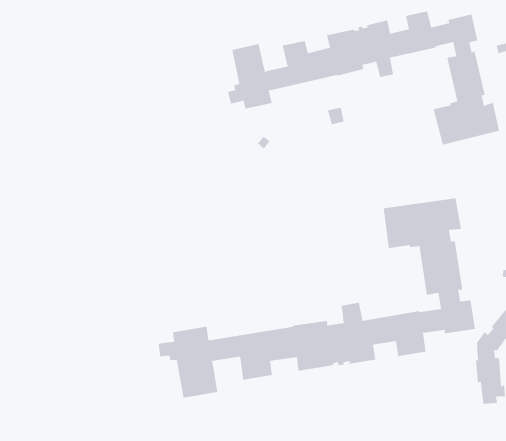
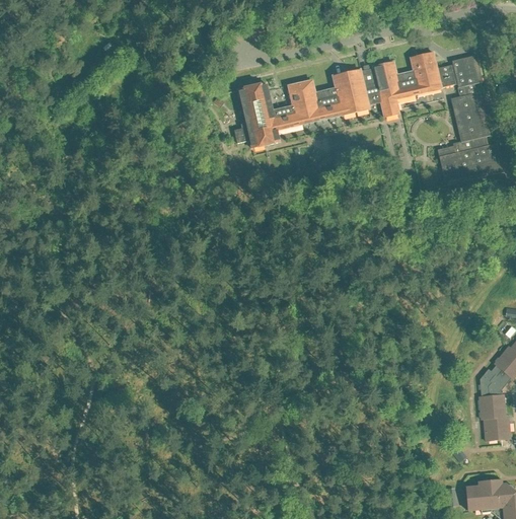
building: [158,197,476,399] -> none

